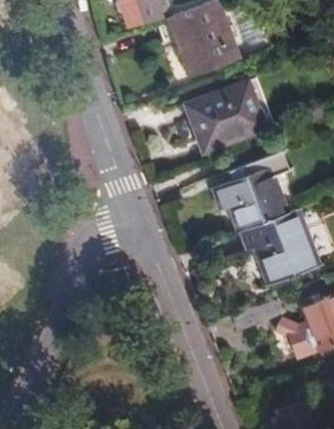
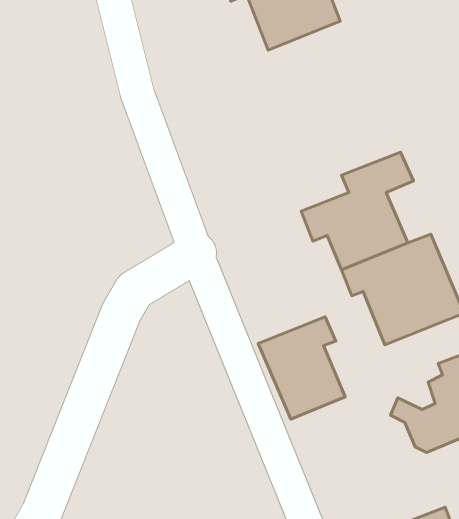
building: [183,76,276,155] -> none
building: none -> [258,317,345,419]

